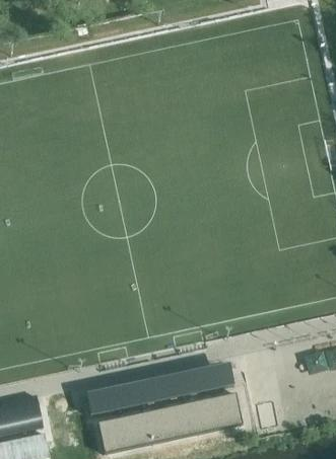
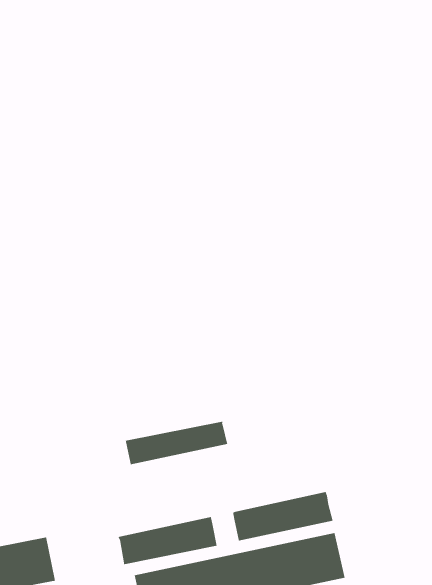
building: none -> [125,421,228,465]

